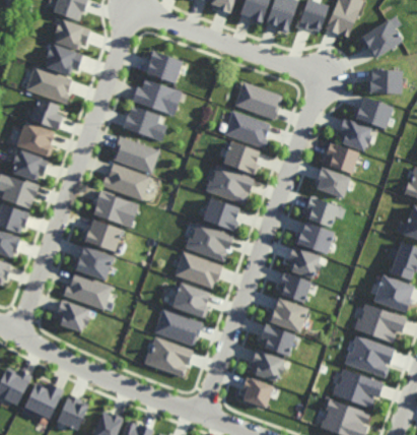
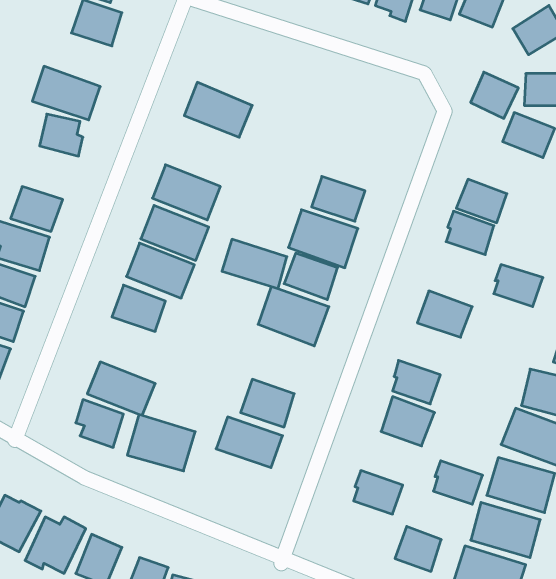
building: [45,44,83,74] -> none
building: [145,51,183,83] -> none
building: [235,82,283,121] -> none
building: [122,105,169,143] -> none
building: [225,113,270,147] -> none
building: [340,120,373,152] -> [471,72,518,118]
building: [16,123,54,156] -> none
building: [305,197,340,227] -> [494,265,543,307]
building: [289,245,322,278] -> none
building: [77,246,115,278] -> none
building: [176,254,221,289] -> [222,239,287,289]
building: [261,324,295,355] -> [433,461,483,504]
building: [145,337,193,377] -> [127,414,195,471]
building: [240,378,273,410] -> [395,526,441,571]

